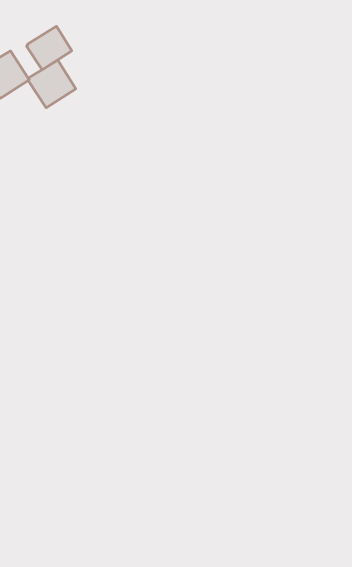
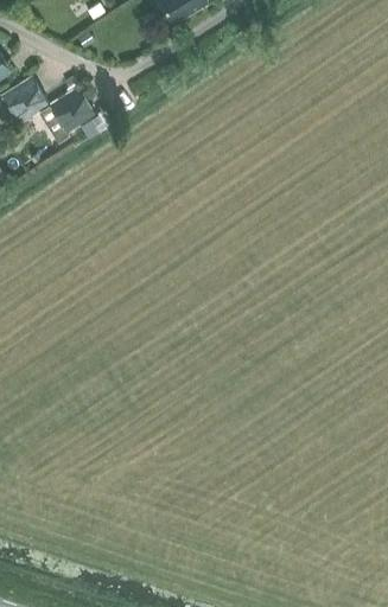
building: [26,26,72,70] -> none

